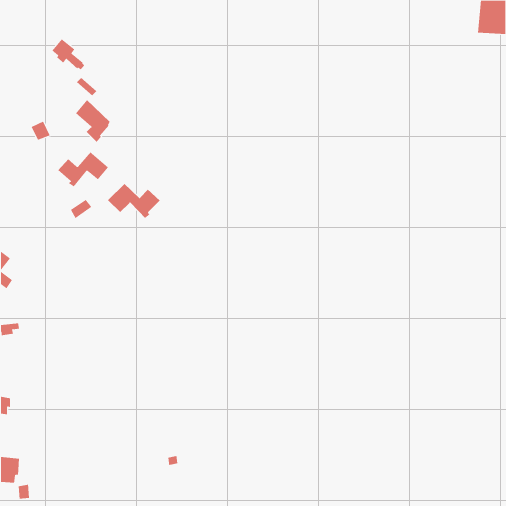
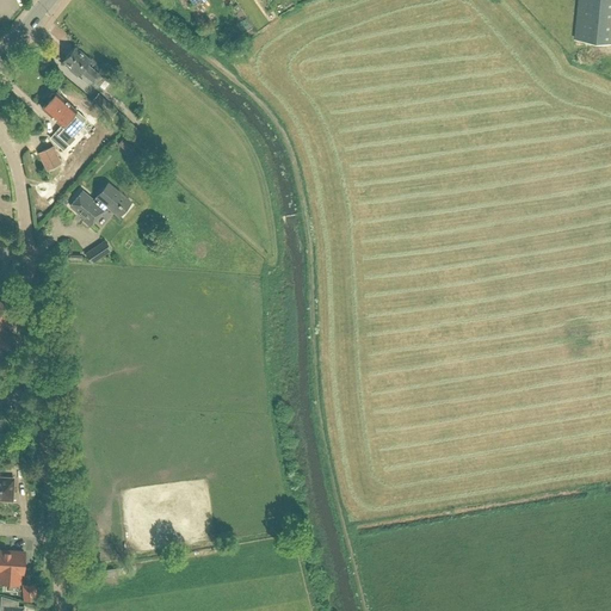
building: [75,99,111,143] -> [42,92,85,144]
building: [107,183,160,219] -> none

